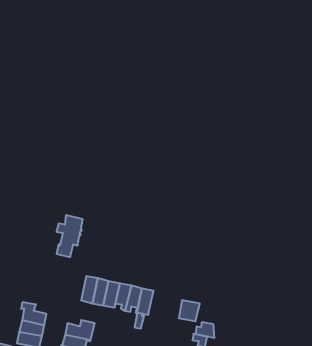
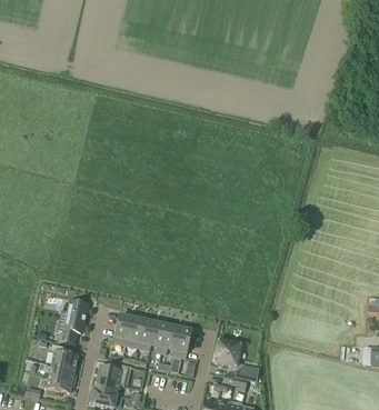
building: [57,215,83,257] -> [59,301,87,346]

